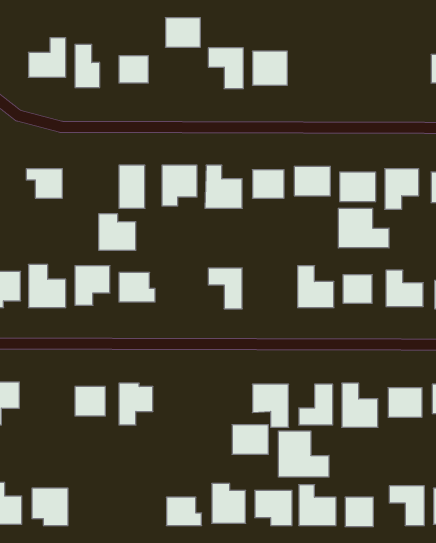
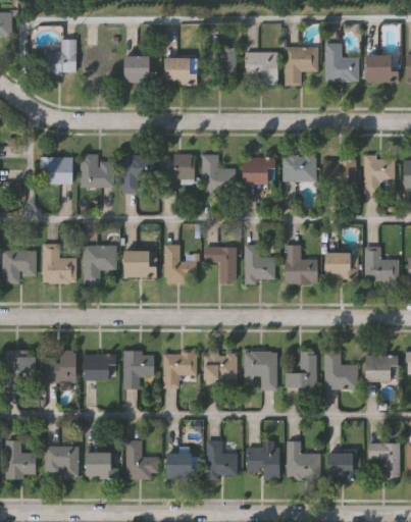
building: [165,18,200,47] -> [165,57,197,84]
building: none -> [325,43,353,82]
building: none -> [286,46,319,85]
building: none -> [367,55,393,82]
building: [338,208,389,248] -> none
building: [99,214,136,250] -> [82,154,115,187]
building: none -> [165,245,197,282]
building: none -> [245,245,275,282]
building: none -> [44,350,76,383]
building: none -> [163,353,197,387]
building: [232,425,268,454] -> [205,353,238,379]
building: [279,431,329,477] -> none
building: none -> [129,440,158,478]
building: none -> [87,453,112,478]

